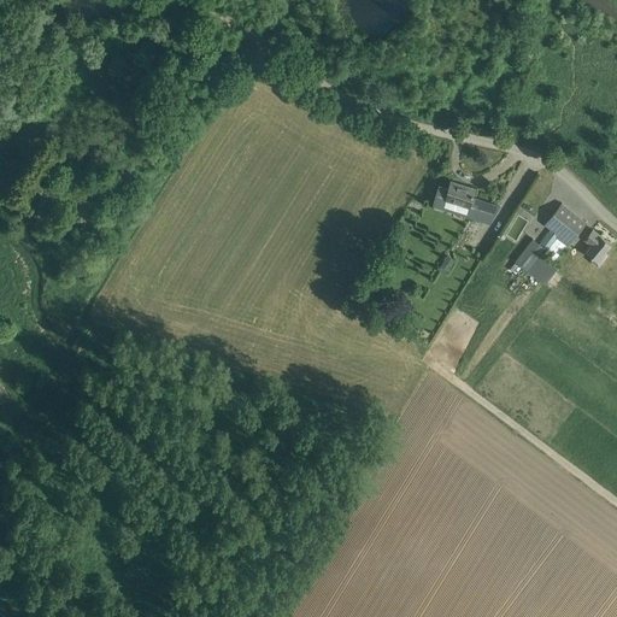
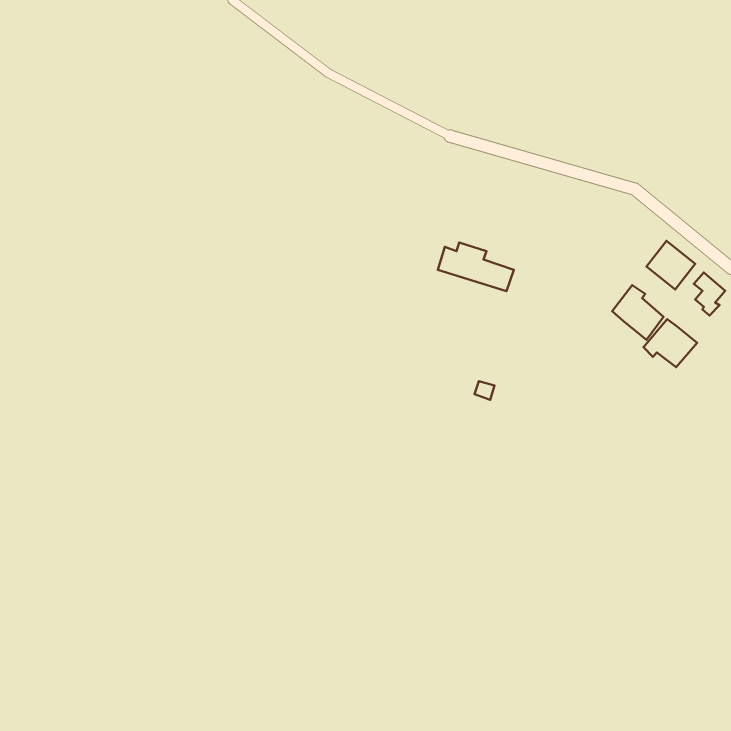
building: [431,183,495,224] -> [438,242,514,291]
building: none -> [644,319,697,367]

